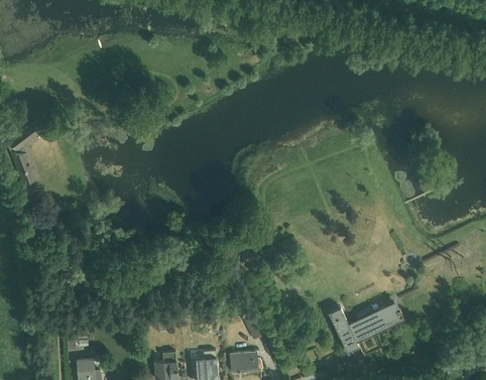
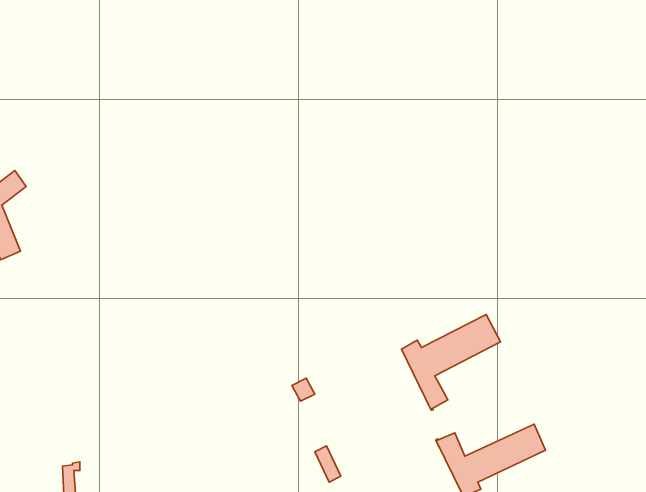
building: none -> [401,315,501,410]

